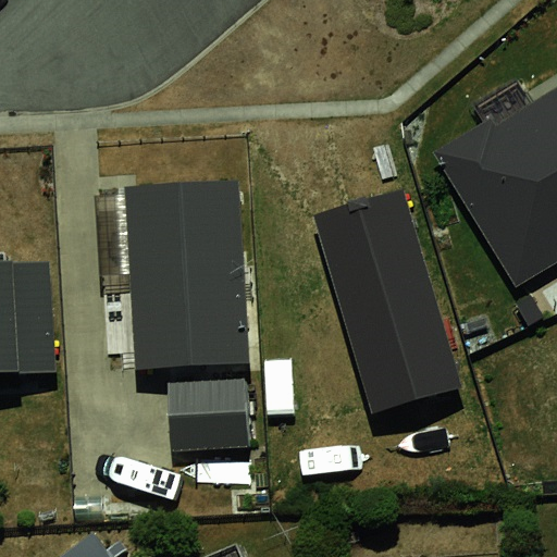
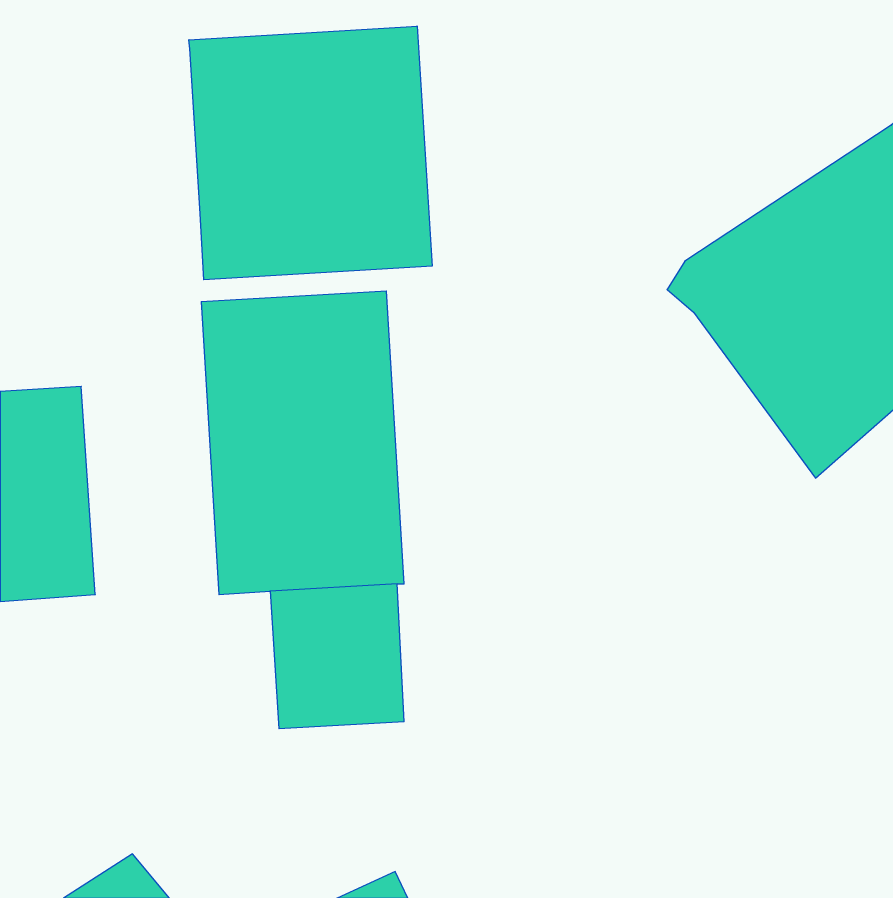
building: none -> [189,26,432,280]
building: [306,187,451,418] -> none

